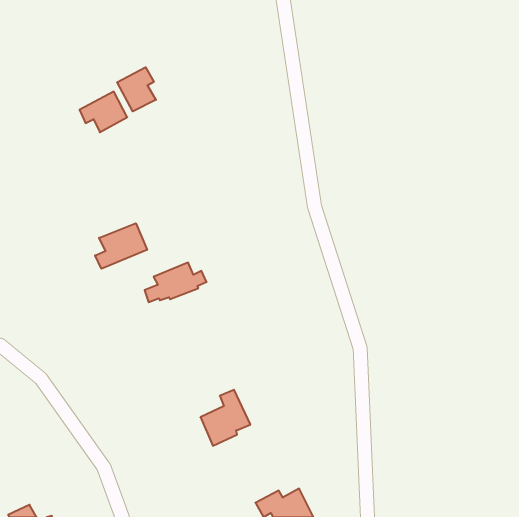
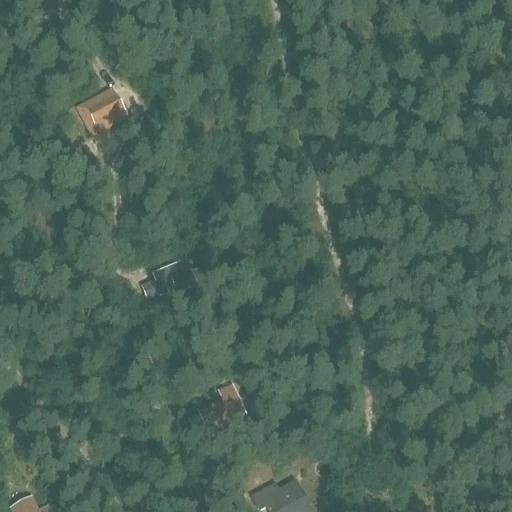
building: [117,67,156,111] -> none
building: [95,223,147,269] -> none

